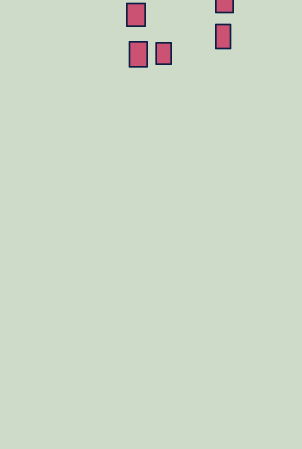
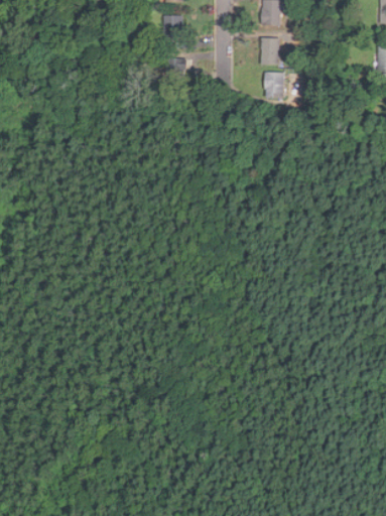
building: [156,43,171,64] -> none
building: none -> [265,72,283,98]

